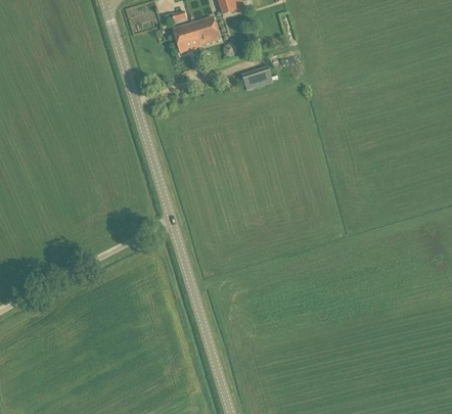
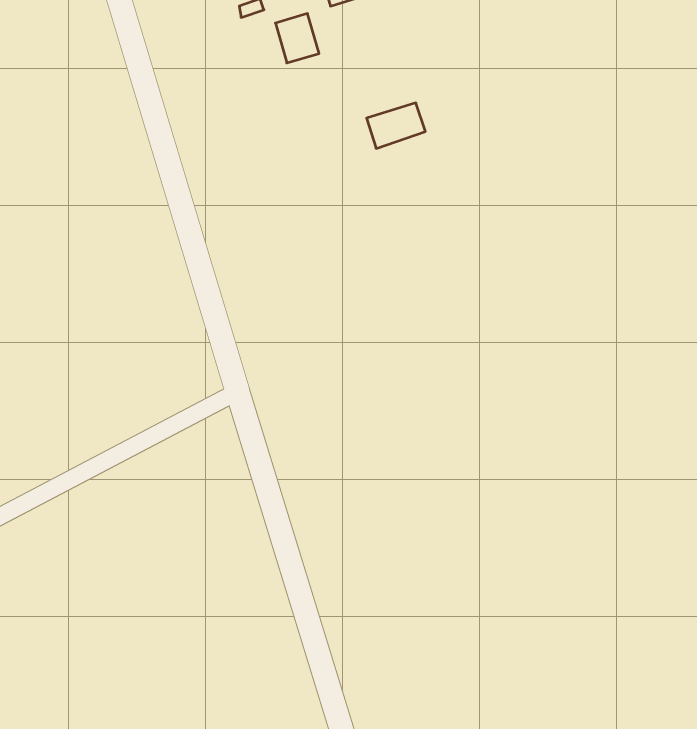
building: [174,21,200,51] -> none

